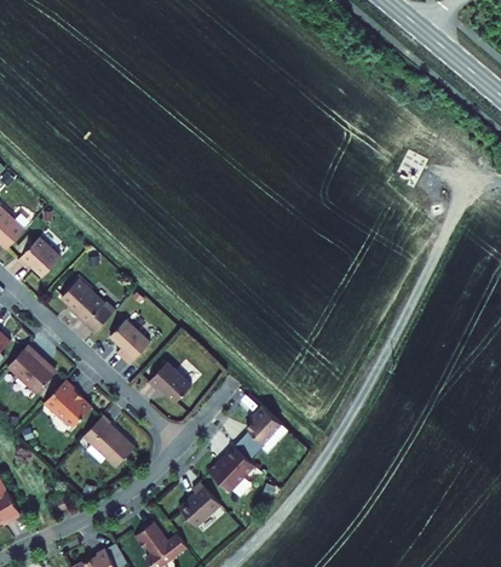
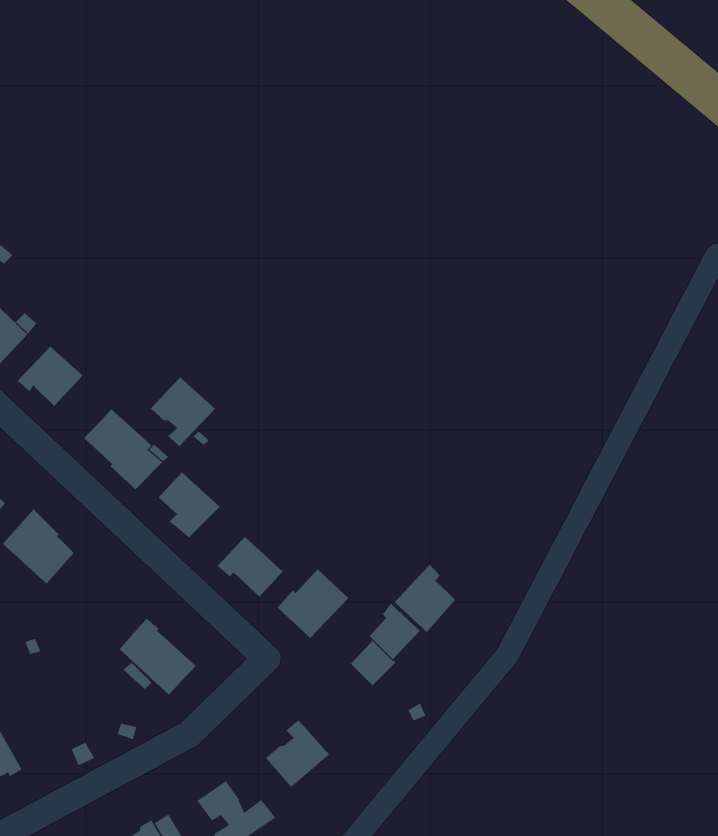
building: none -> [150,376,216,447]
building: [42,379,91,426] -> none
building: none -> [394,564,456,633]
building: [208,446,255,492] -> [277,569,349,639]

